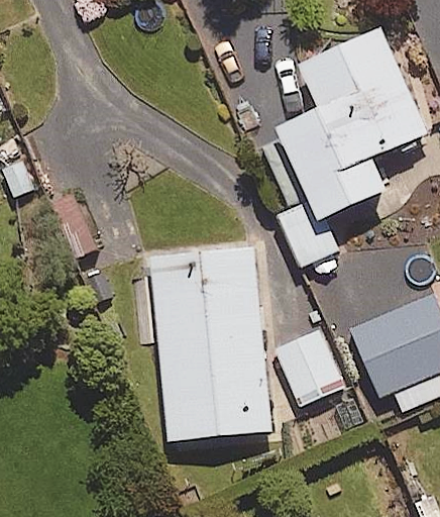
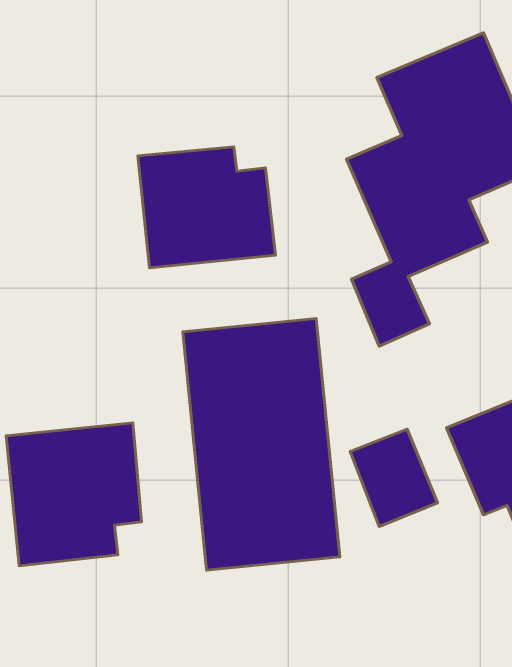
building: none -> [138,147,275,268]
building: none -> [6,423,142,566]

